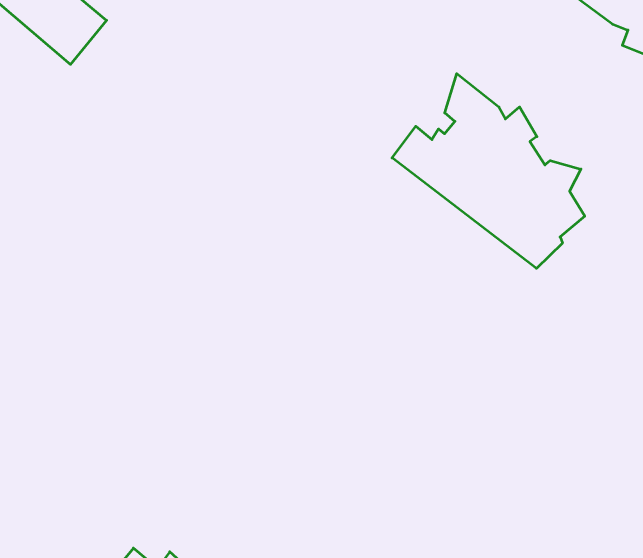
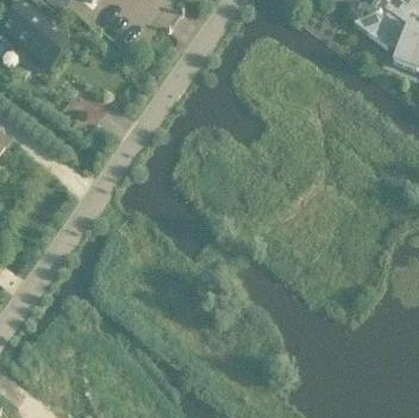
building: [392,74,585,268] -> none

